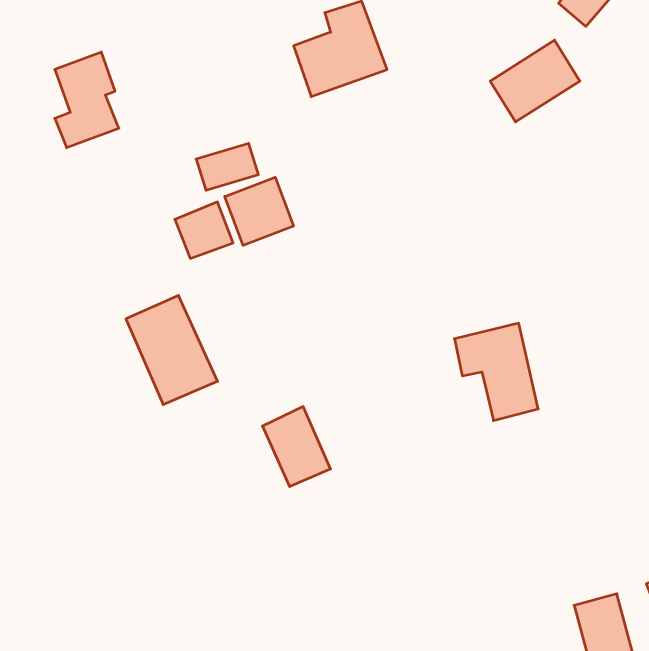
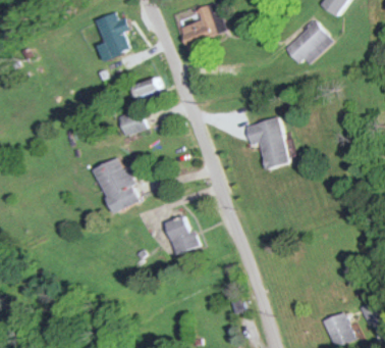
building: [55,52,119,148] -> [96,9,129,59]
building: [225,177,293,245] -> none
building: [454,323,538,421] -> [243,117,287,168]

